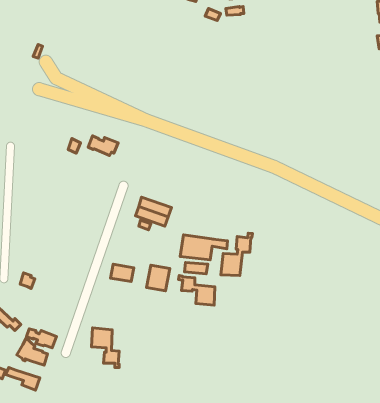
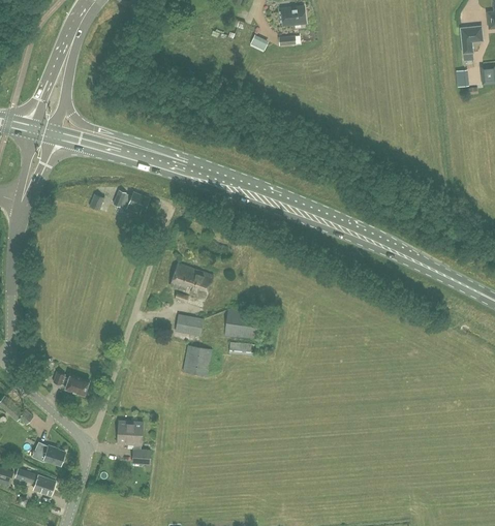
building: [221,233,252,275] -> none
building: [111,264,134,282] -> [175,315,203,336]
building: [179,276,215,305] -> none
building: [26,329,57,348] -> [53,372,89,395]

